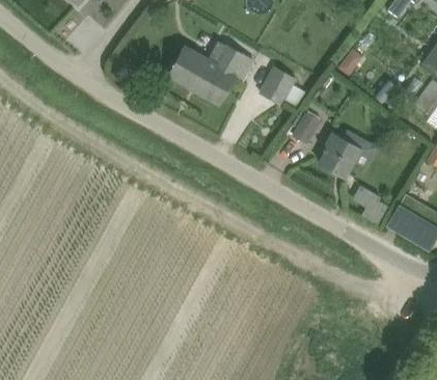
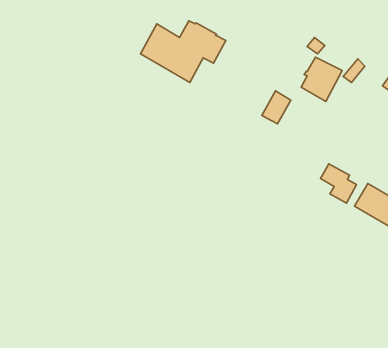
building: [257,64,297,106] -> none
building: [319,133,360,178] -> [301,57,342,101]

